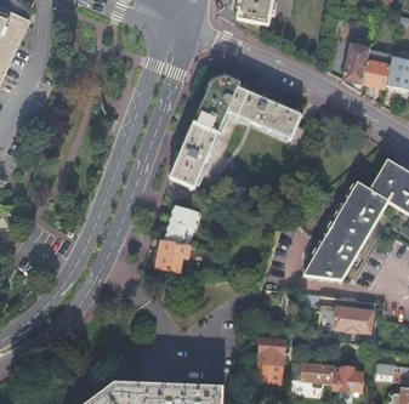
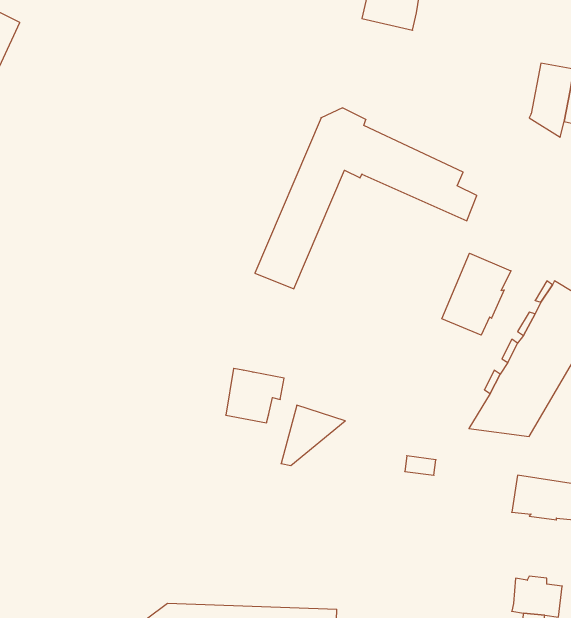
building: none -> [442,253,511,335]
building: [164,201,204,239] -> [281,405,345,466]
building: [260,337,286,383] -> none
building: [301,363,334,387] -> none

